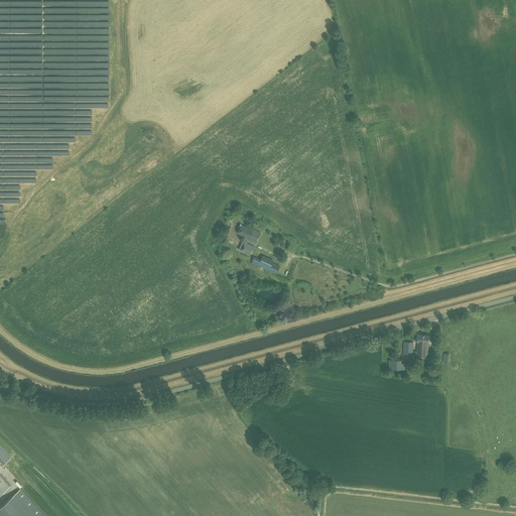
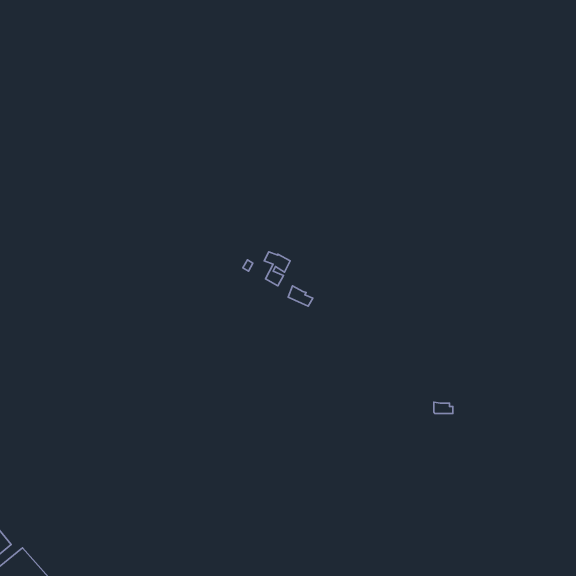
building: [402,336,428,358] -> none

